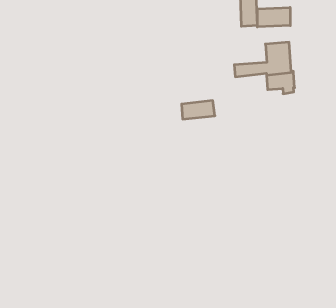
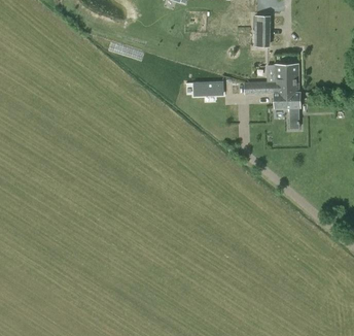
building: [257,7,290,27] -> none
building: [182,101,215,119] -> [193,81,224,97]

